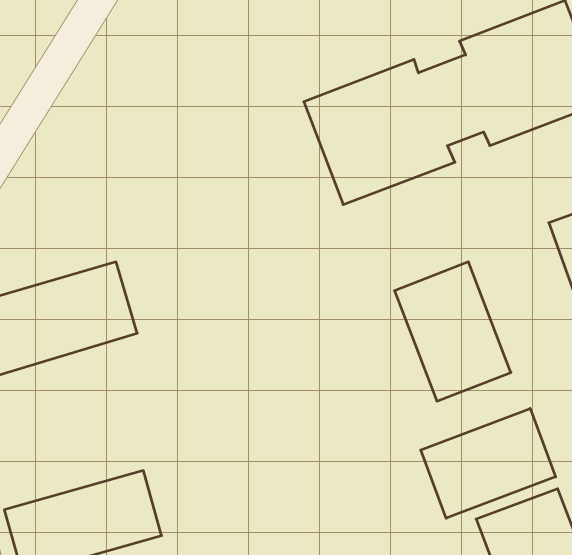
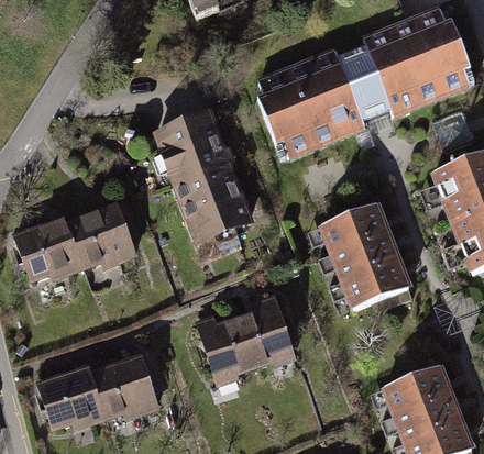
building: none -> [156,113,250,241]
building: none -> [199,303,298,386]
building: [421,408,556,518] -> none

